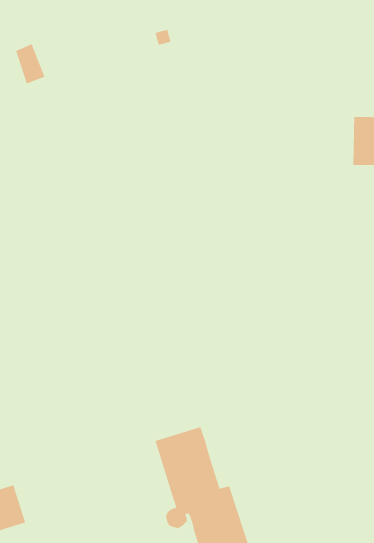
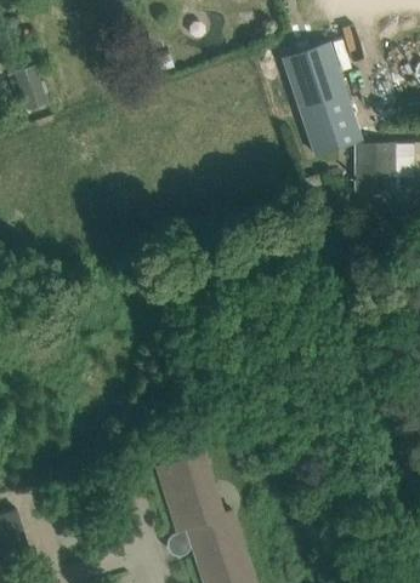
building: none -> [282,41,363,156]

